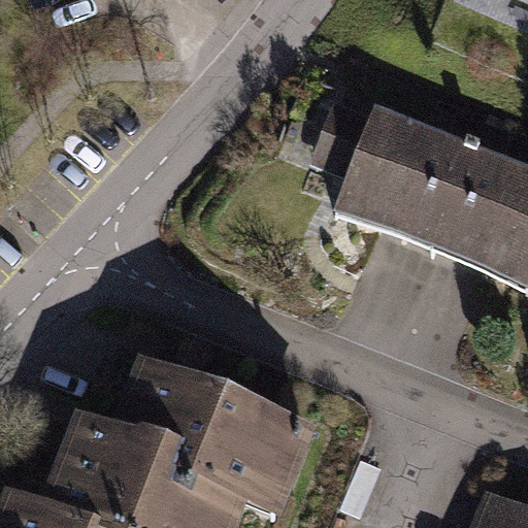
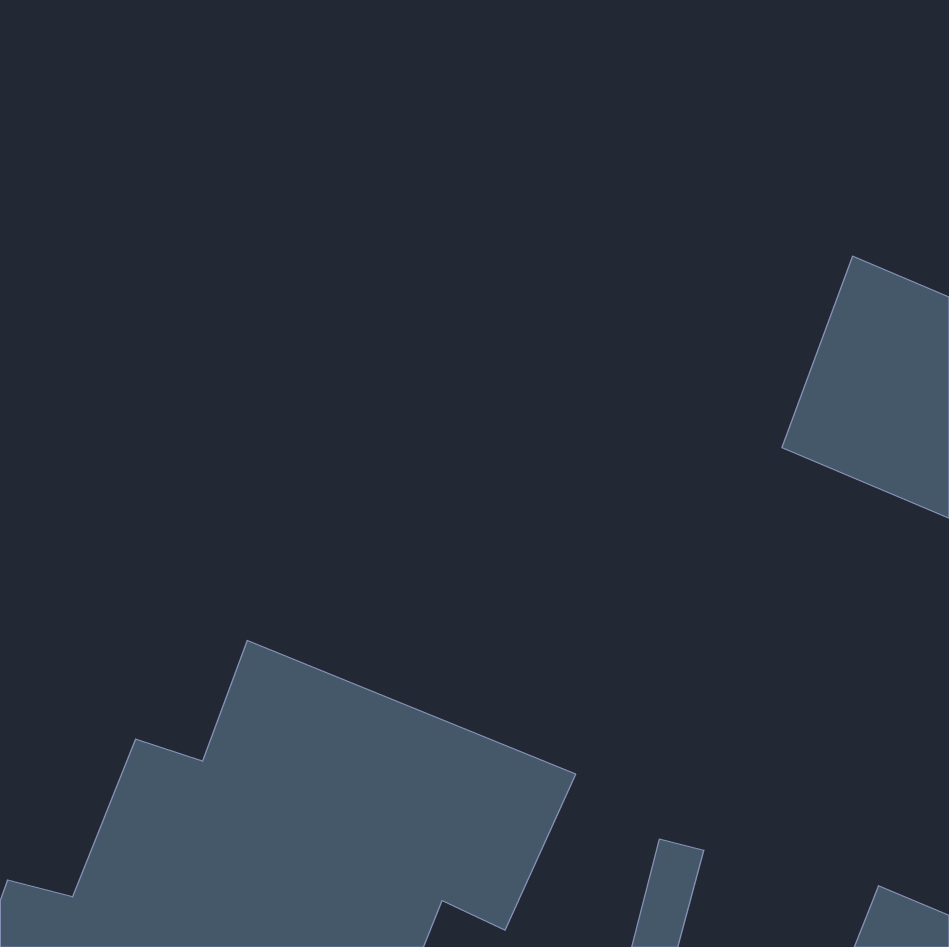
building: [334,106,473,249] -> none

